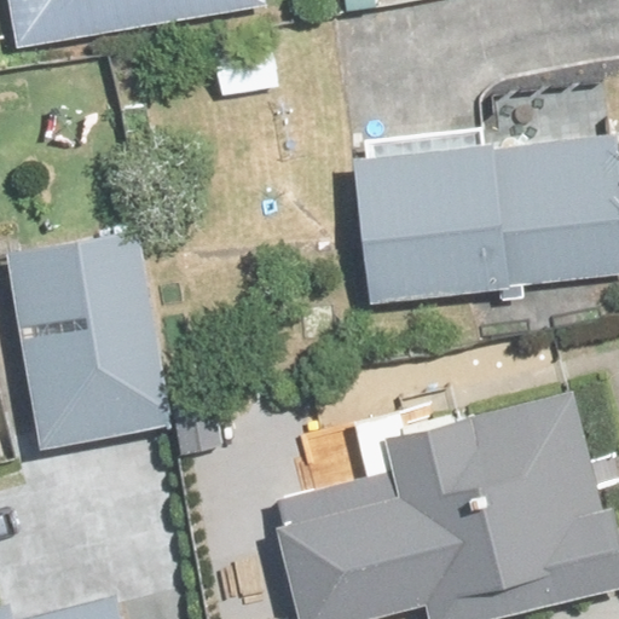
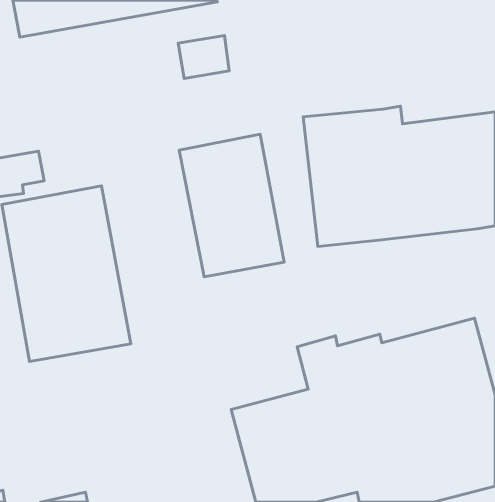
building: none -> [179,134,284,277]

